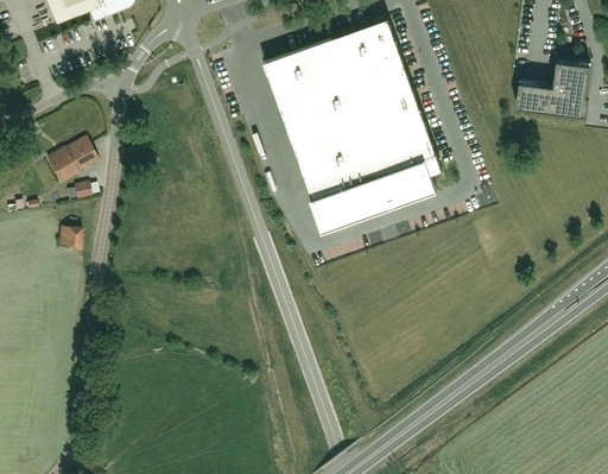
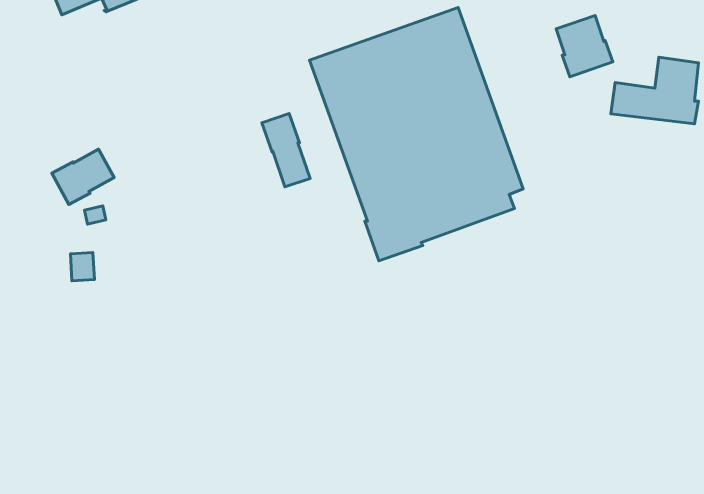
building: none -> [556,15,613,77]
building: none -> [262,114,310,187]

